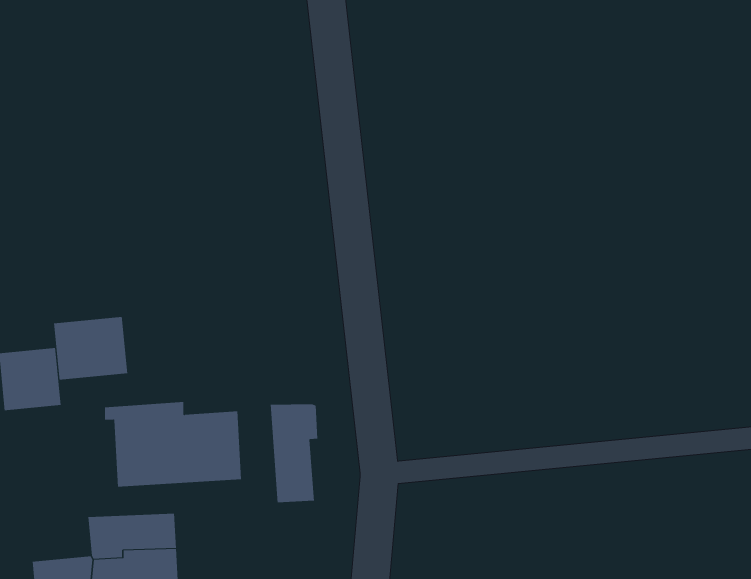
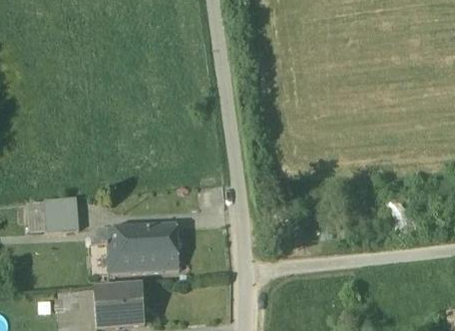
building: [54,316,128,381] -> none
building: [270,404,318,503] -> none

